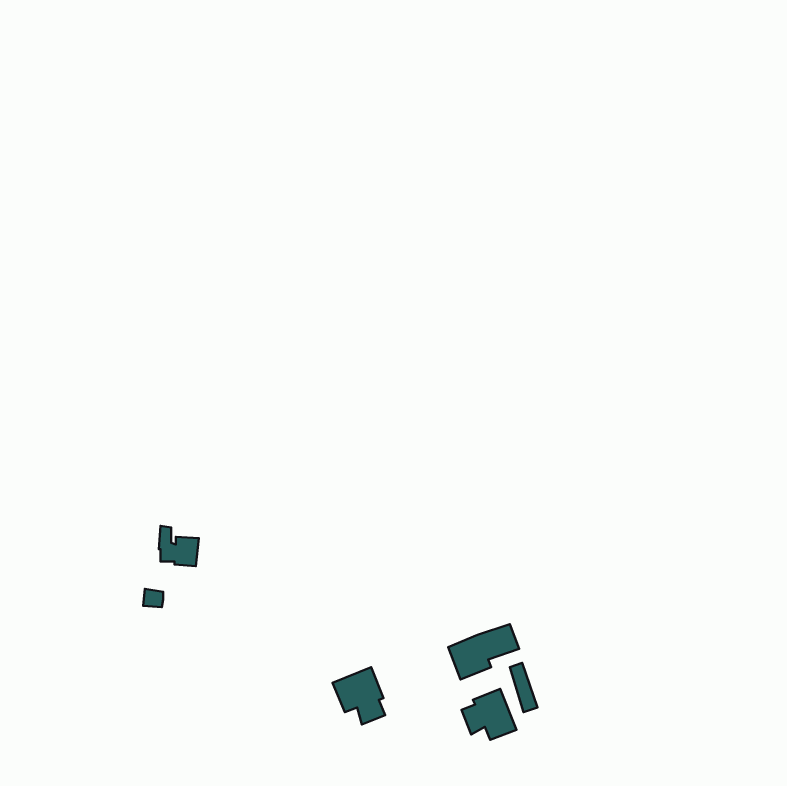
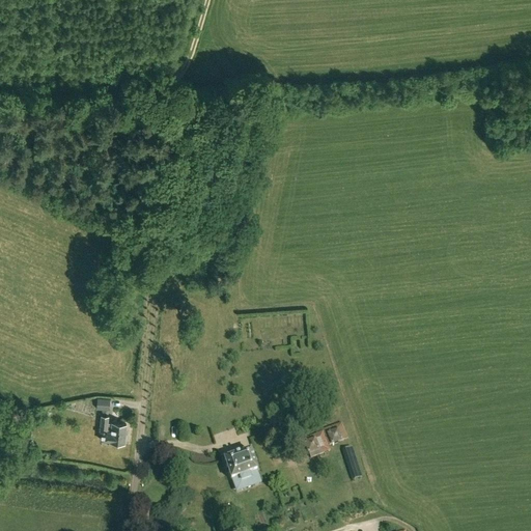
building: [159,526,199,566] -> [101,415,128,442]
building: [461,689,516,740] -> none

